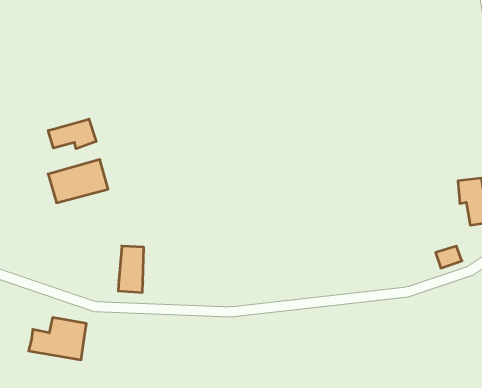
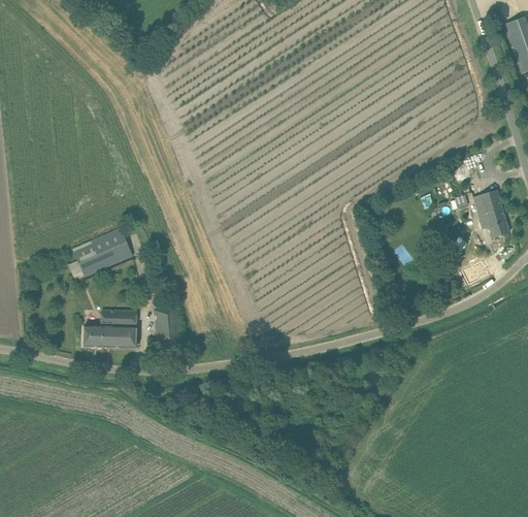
building: [48,119,96,149] -> none
building: [29,318,86,360] -> [84,311,136,348]

